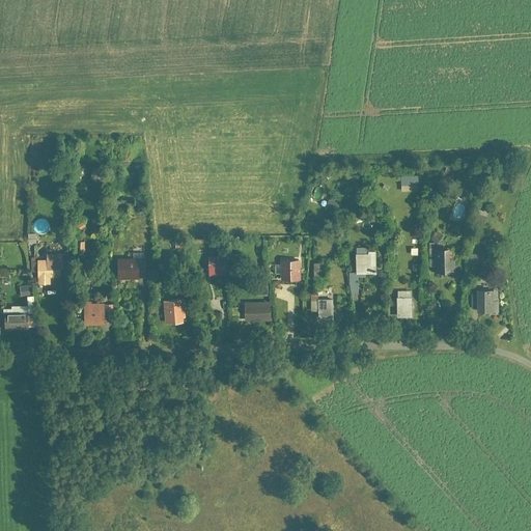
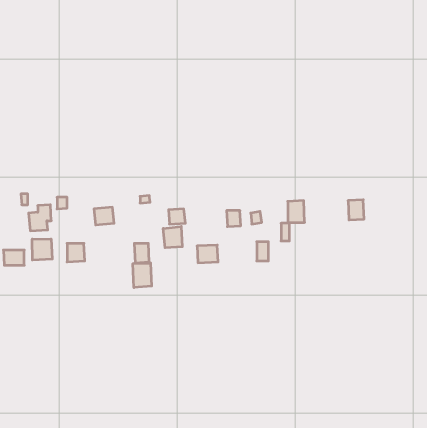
building: none -> [163,226,182,248]
building: [478,291,498,315] -> none
building: [395,292,412,316] -> none
building: none -> [32,239,52,260]
building: none -> [133,263,152,288]

